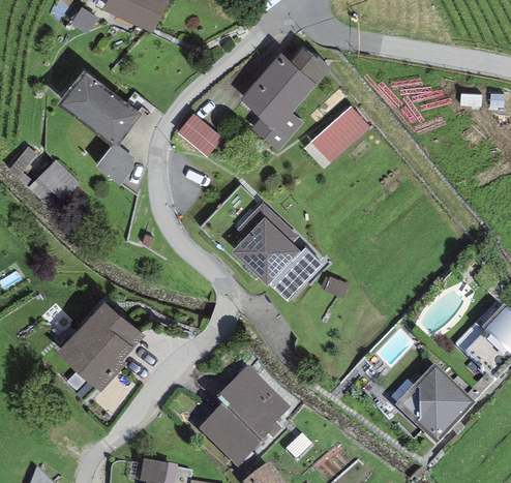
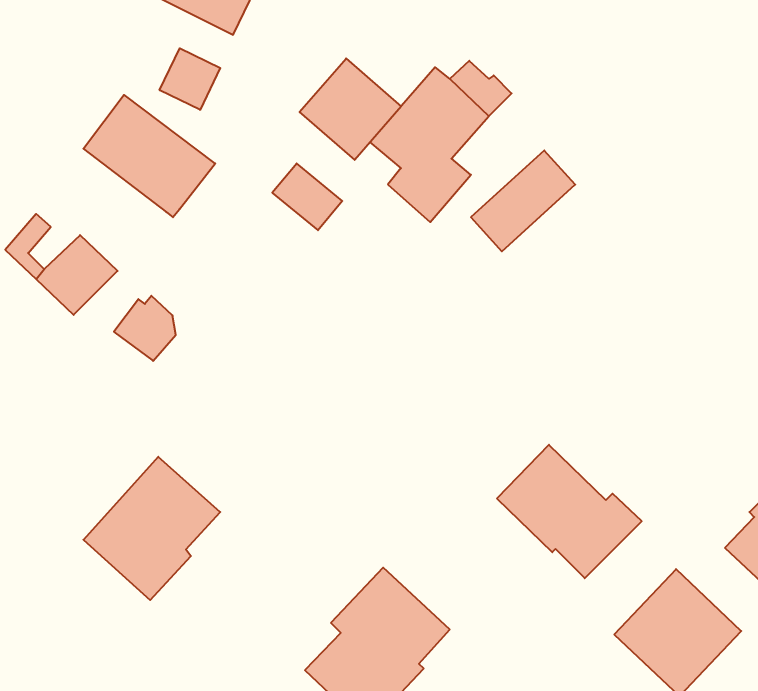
building: none -> [160,48,220,110]
building: none -> [300,58,401,160]
building: [95,141,134,182] -> [114,296,176,361]
building: [232,214,324,299] -> [497,445,642,578]

